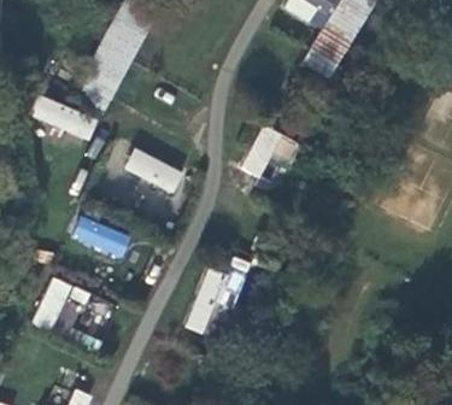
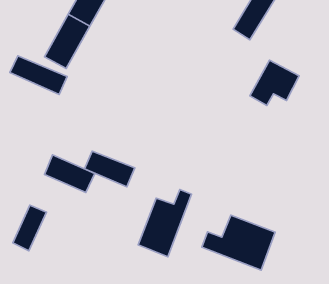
building: [241,124,301,180] -> [250,60,299,106]
building: [123,149,184,193] -> [84,151,135,187]
building: none -> [202,215,275,270]

